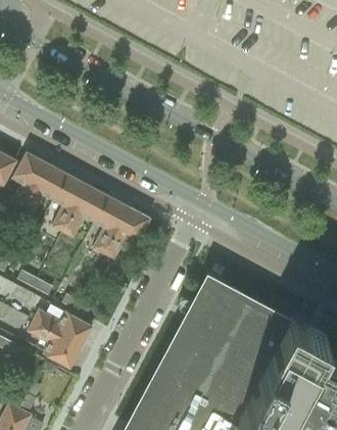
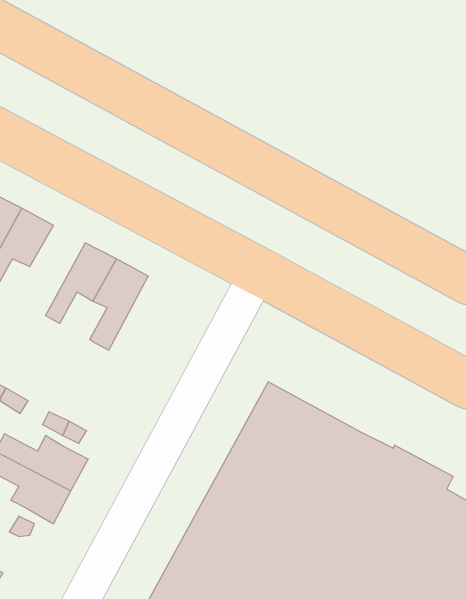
building: [50,174,89,232] -> none
building: [104,206,149,259] -> none

